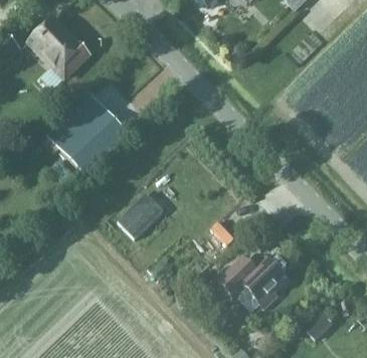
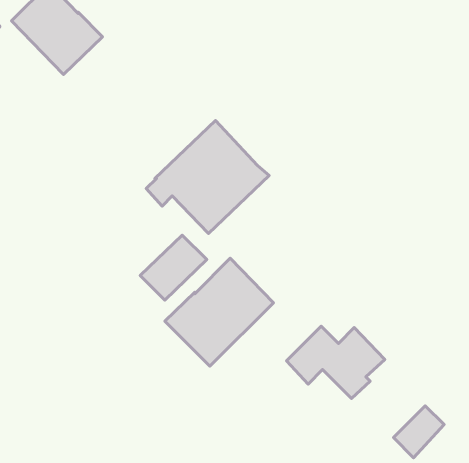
building: [43,94,129,172] -> [146,121,269,234]
building: none -> [165,258,273,366]

